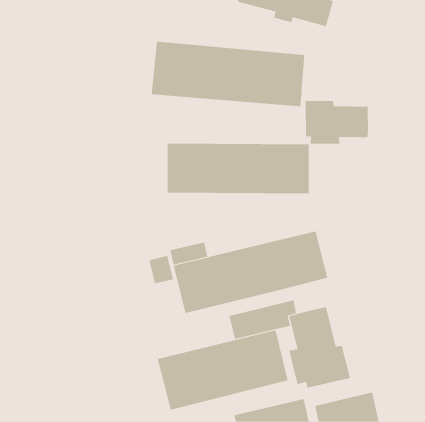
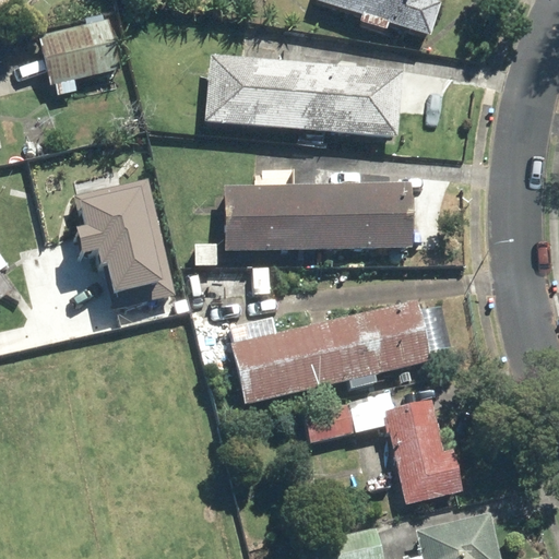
building: none -> [40,17,121,84]
building: [305,100,368,145] -> none
building: none -> [71,174,171,295]
building: [157,330,288,411] -> none

